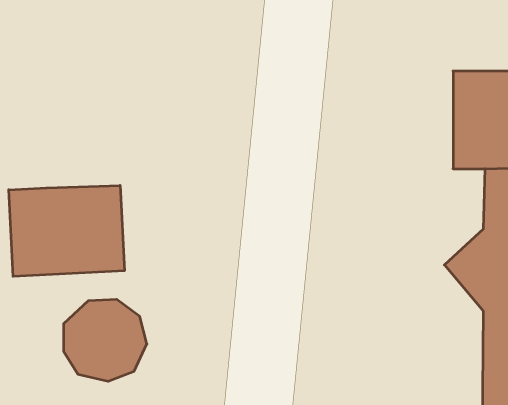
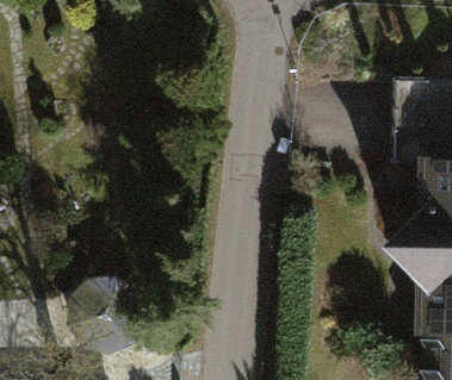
building: [9,185,124,276] -> none

